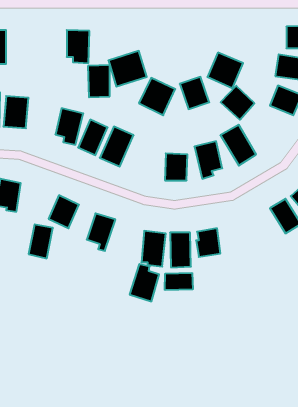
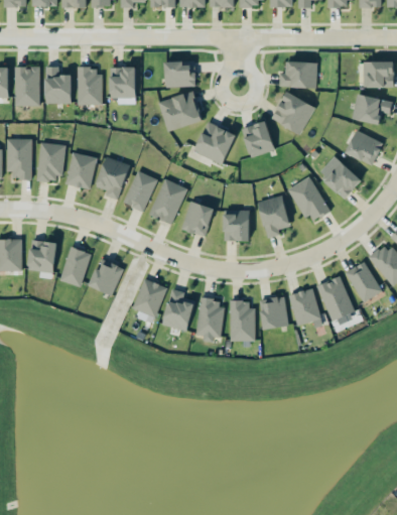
building: none -> [164,60,195,88]
building: none -> [279,61,316,88]
building: none -> [45,67,72,104]
building: [88,65,110,97] -> [77,69,102,106]
building: [221,86,254,120] -> [321,160,361,200]
building: none -> [64,152,97,189]
building: none -> [181,201,215,237]
building: none -> [317,276,355,325]
building: none -> [288,288,322,328]
building: [29,224,53,258] -> [61,248,90,287]
building: [130,264,159,301] -> [161,289,195,333]
building: [165,273,193,290] -> none

